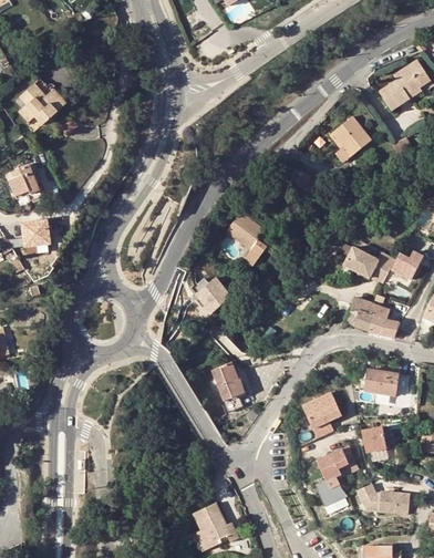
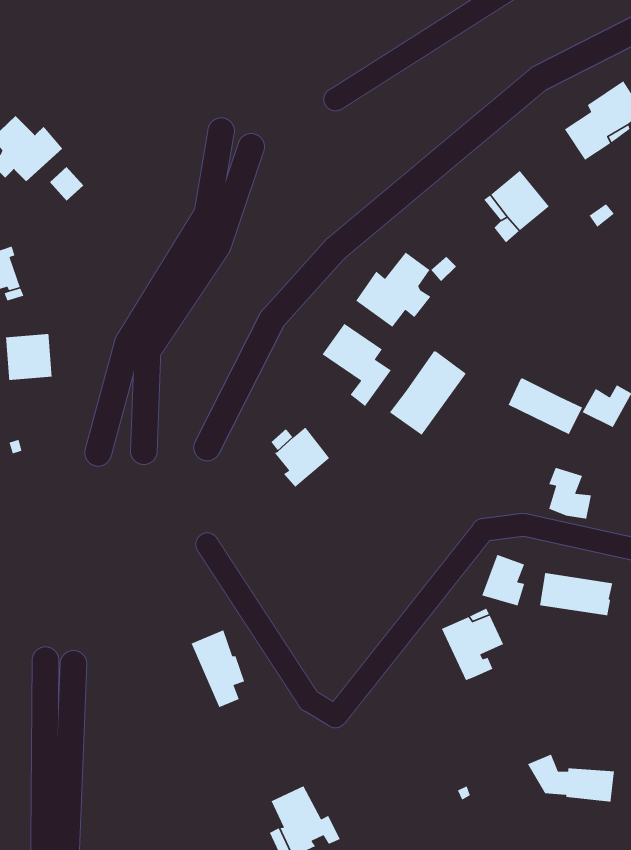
building: none -> [355,251,431,328]
building: none -> [389,350,467,436]
building: [345,297,373,330] -> [481,554,525,607]
building: [211,362,246,412] -> [191,629,245,708]
building: [362,427,386,453] -> none
building: [314,446,359,507] -> none

